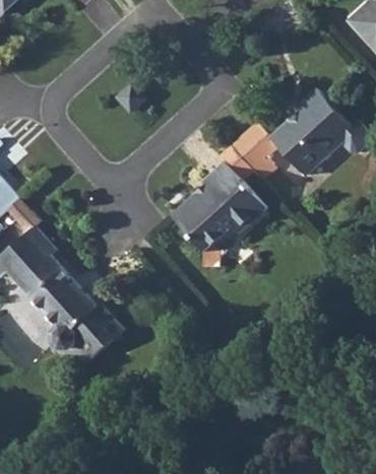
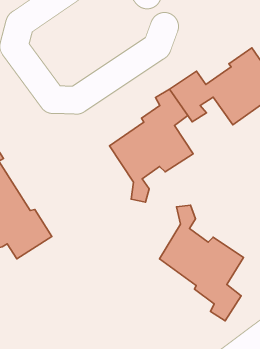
building: none -> [159,205,243,321]

